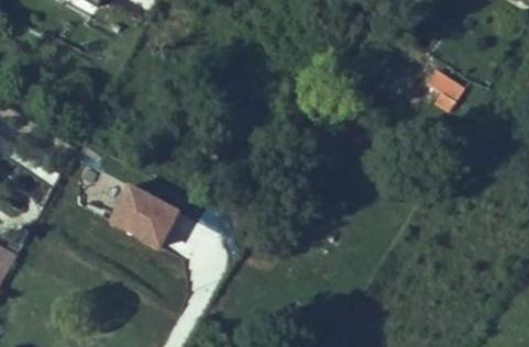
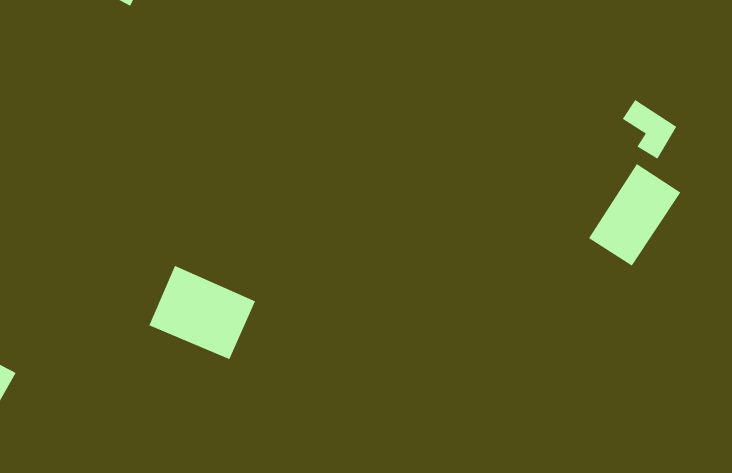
building: none -> [588,163,681,266]

